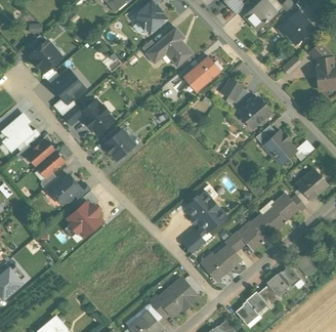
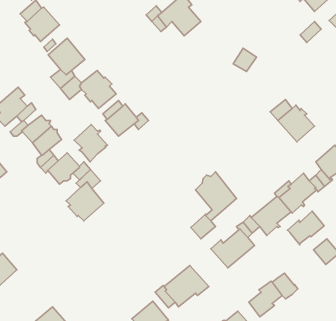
building: [182,56,219,91] -> none
building: [240,96,270,127] -> none
building: none -> [74,124,107,162]
building: [266,265,300,296] -> [288,211,324,245]

